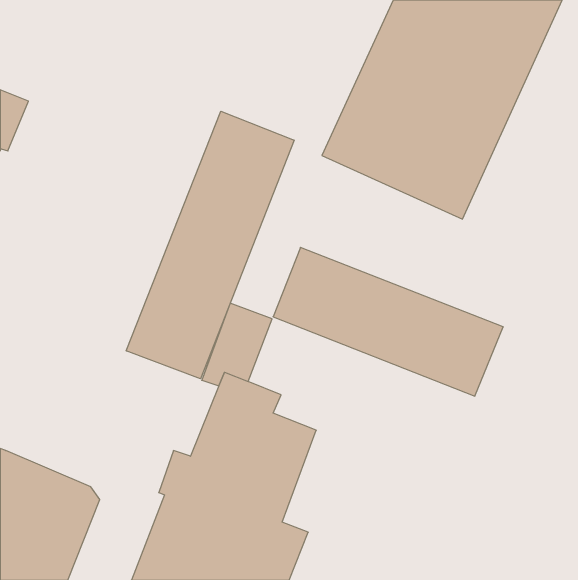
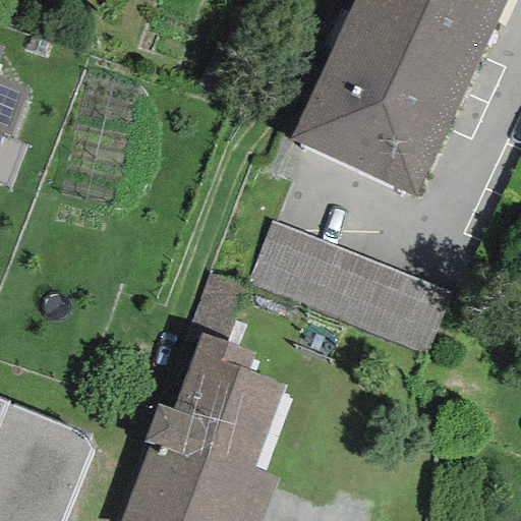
building: [126,111,294,379] -> none

